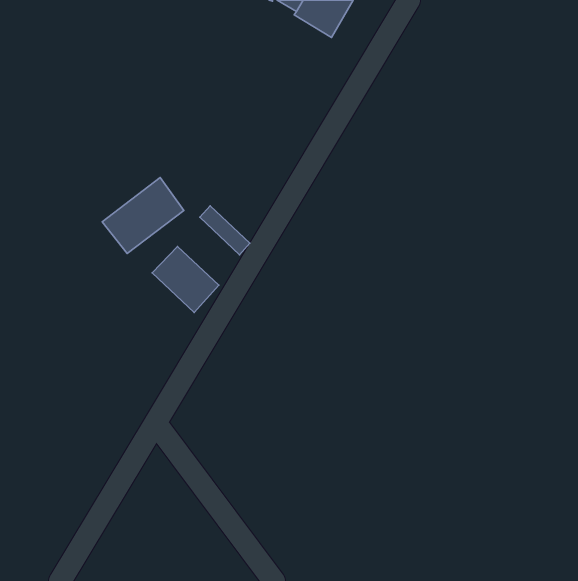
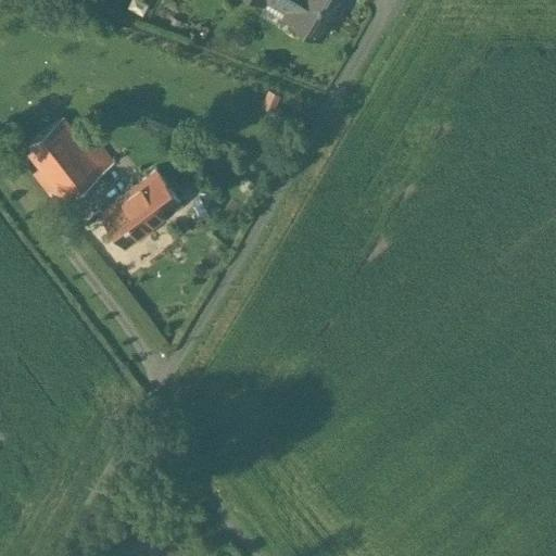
building: none -> [29,128,109,202]
building: [152,246,219,312] -> none

